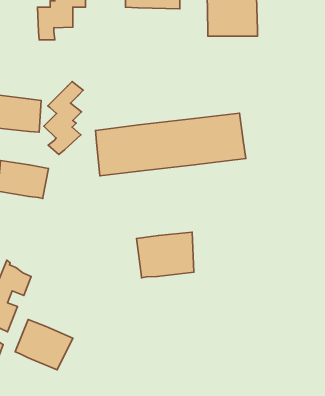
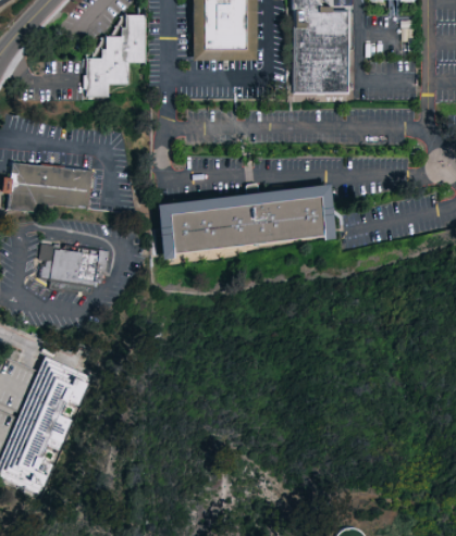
building: [44,82,83,155] -> none
building: [136,232,194,278] -> none
building: [15,319,73,370] -> none

